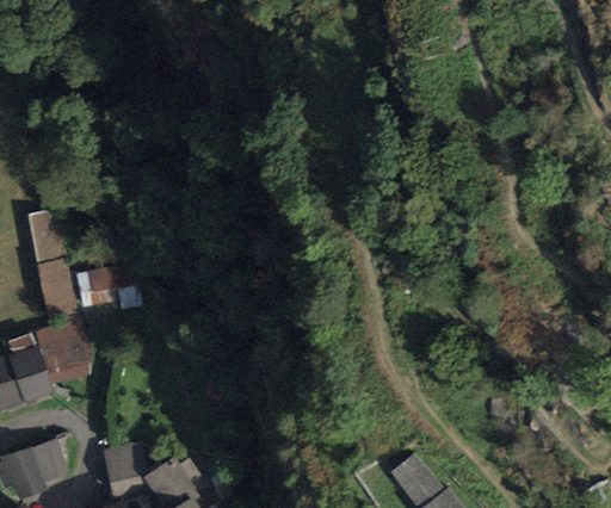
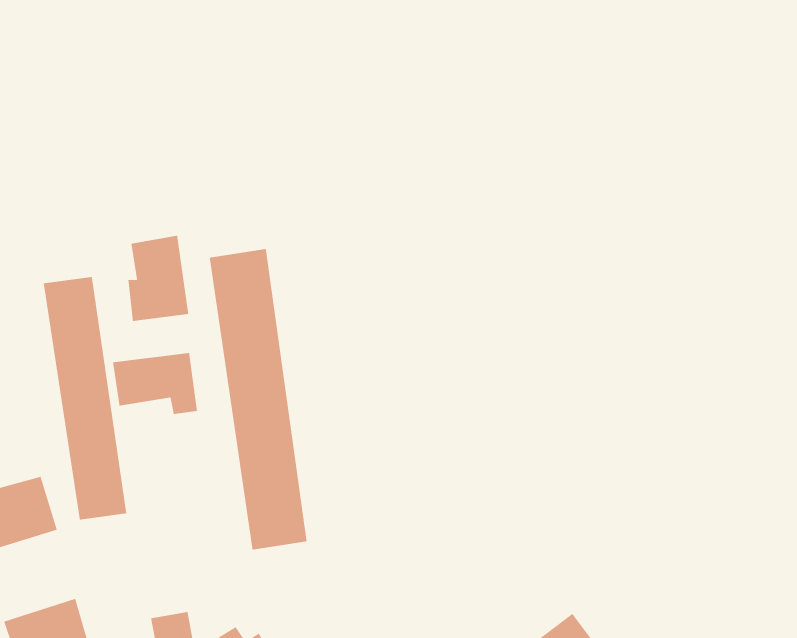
building: none -> [127,235,189,322]
building: none -> [209,248,308,550]

